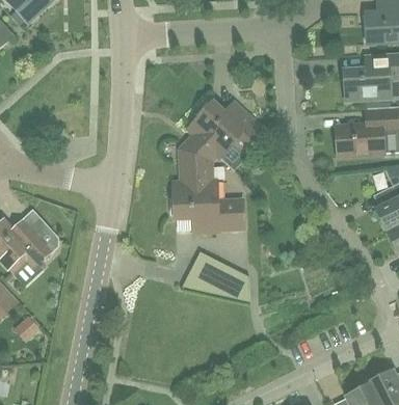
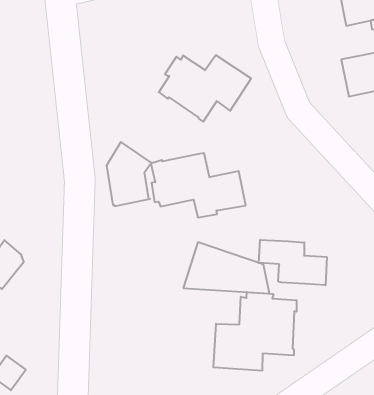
building: [181,132,216,182] -> [106,142,151,206]
building: none -> [259,240,327,285]
building: none -> [213,292,297,371]

